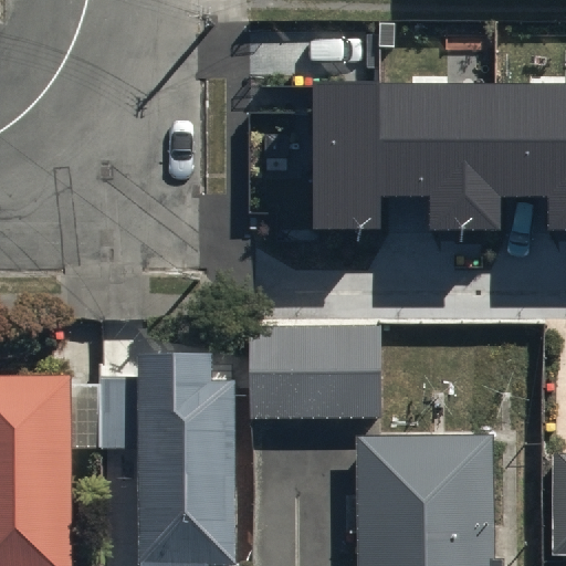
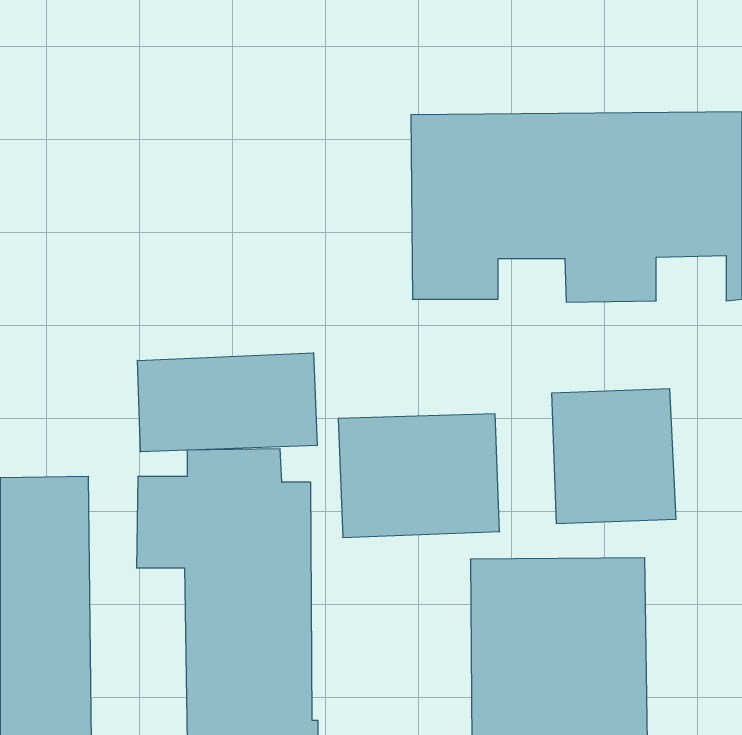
building: none -> [137,353,317,452]
building: none -> [552,389,676,524]

